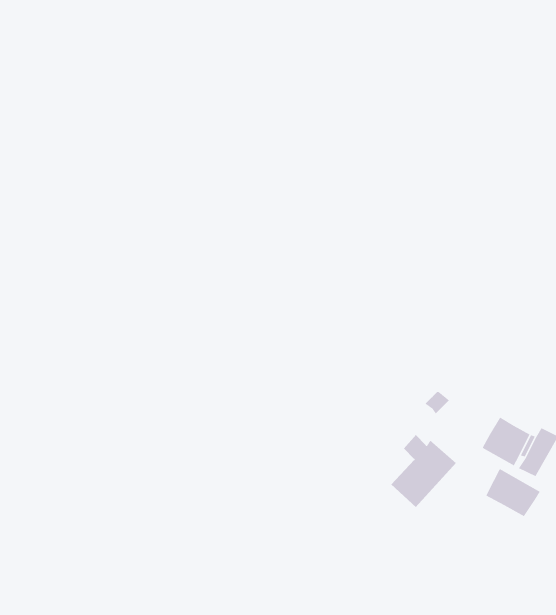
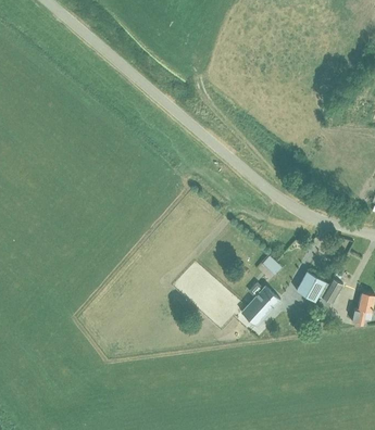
building: [485,469,541,517] -> none

